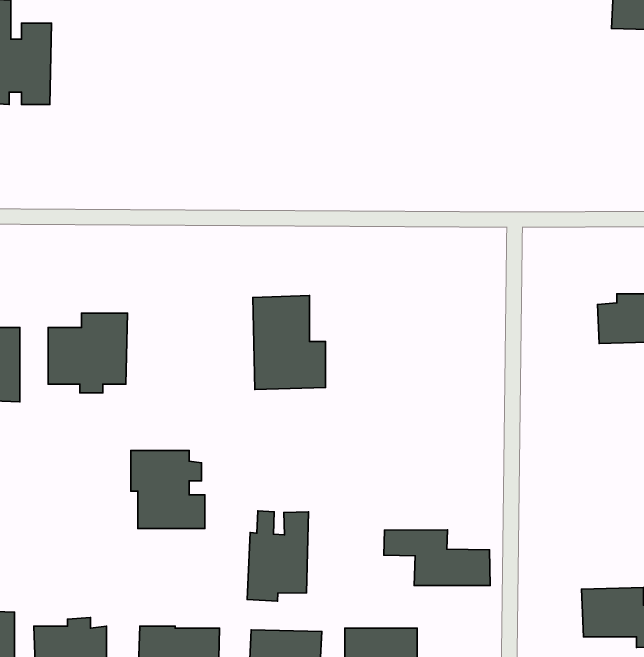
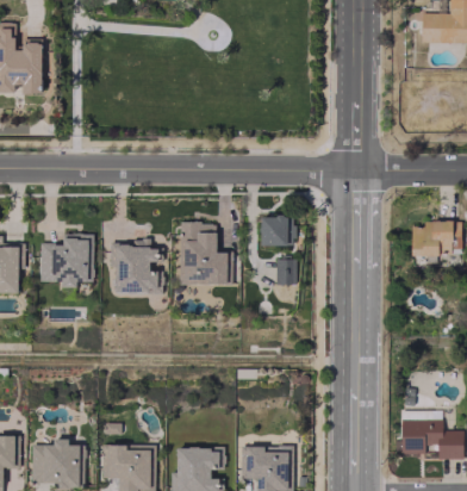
building: none -> [261,216,295,246]
building: none -> [276,260,297,285]
building: [131,451,205,528] -> [111,241,161,293]
building: [247,511,309,601] -> none
building: [384,530,490,586] -> none

